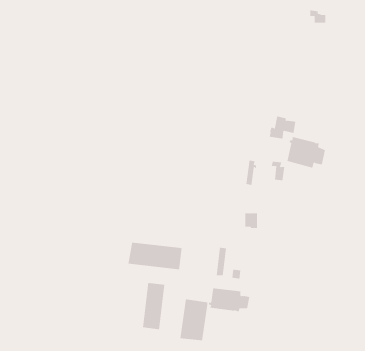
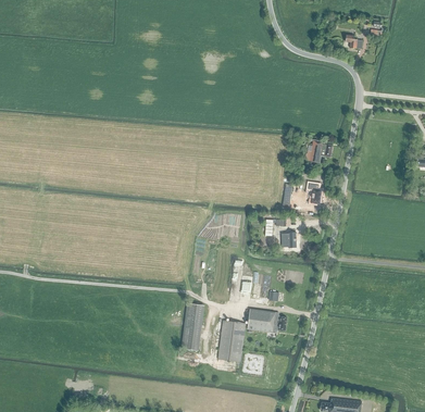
building: [287,136,325,169] -> none
building: [128,242,182,270] -> none

